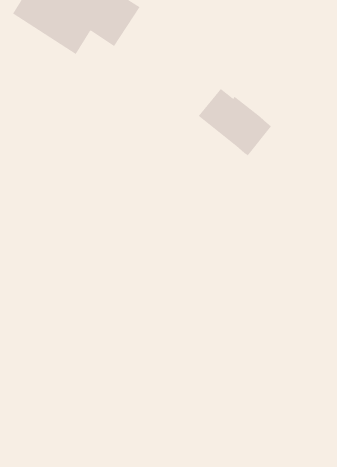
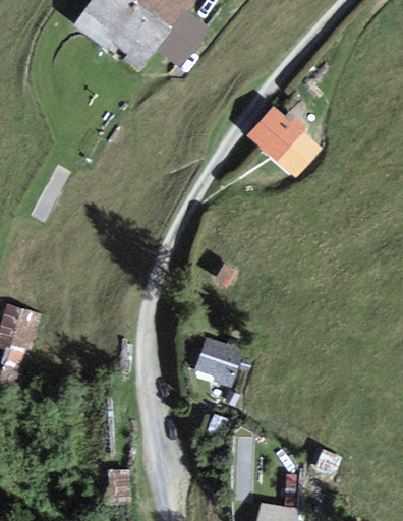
building: none -> [195,339,240,384]

